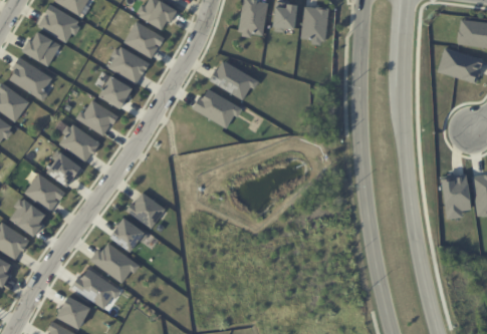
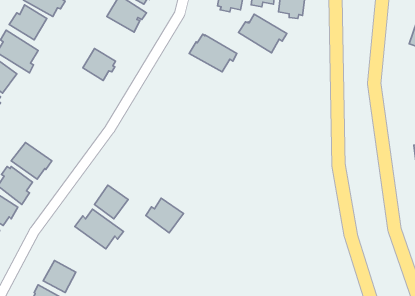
building: [108,46,150,83] -> none
building: [192,88,242,128] -> [239,14,287,53]
building: [76,99,118,135] -> none
building: [59,123,100,162] -> none
building: [46,149,82,187] -> none
building: [127,192,166,228] -> [146,198,184,233]
building: [71,267,120,309] -> none

